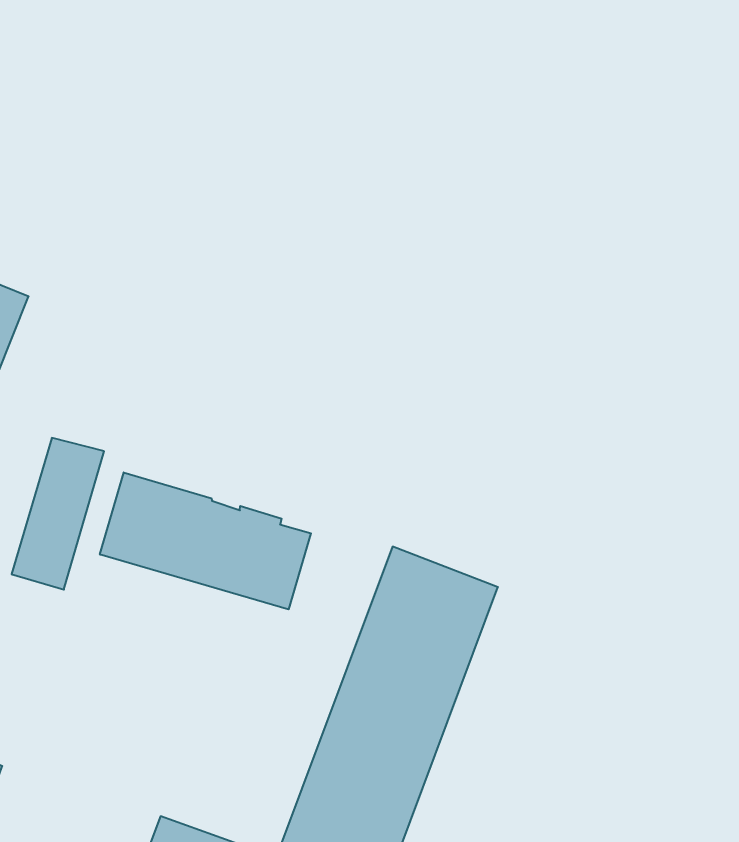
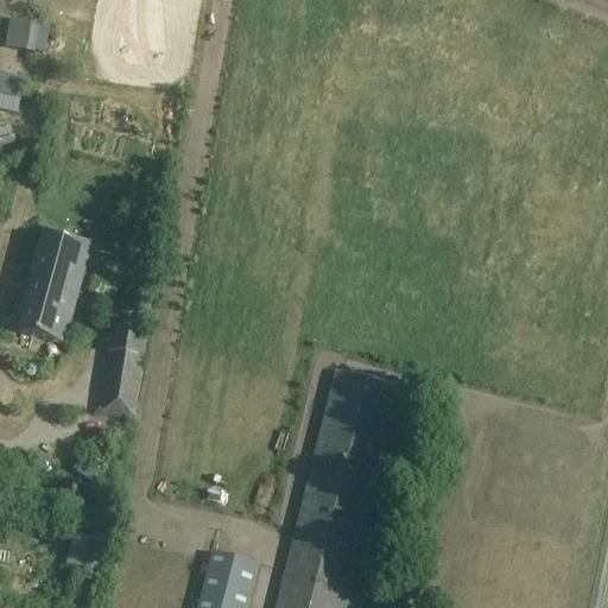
building: [100,472,311,609] -> none

